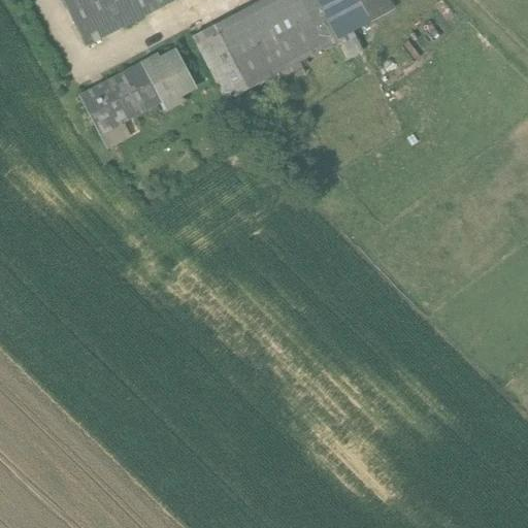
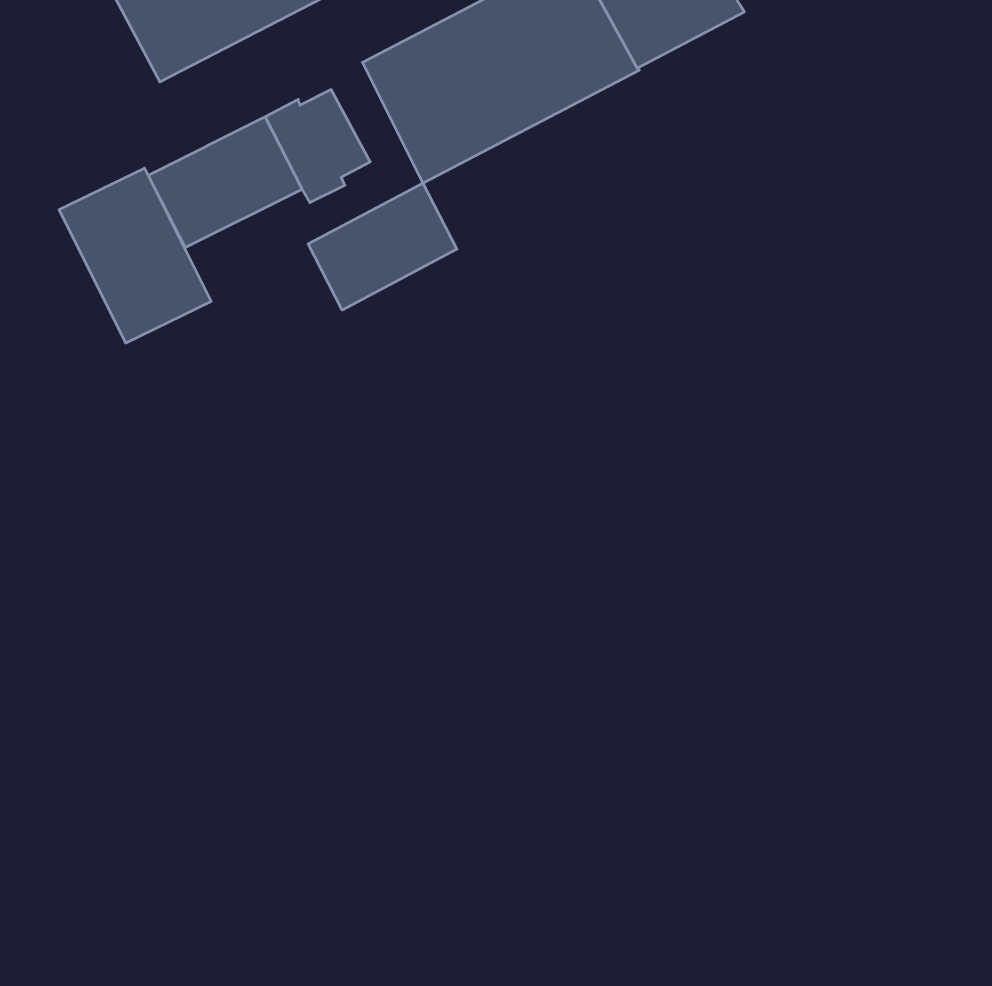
building: none -> [59,168,211,343]
building: none -> [308,183,457,310]

